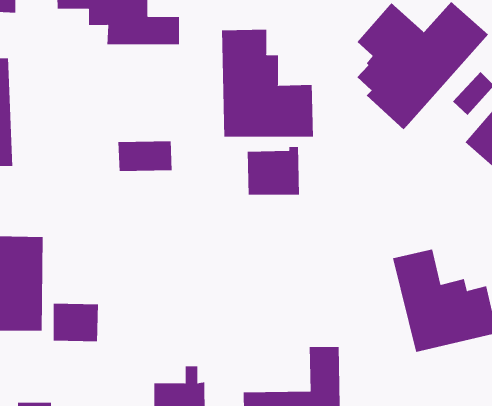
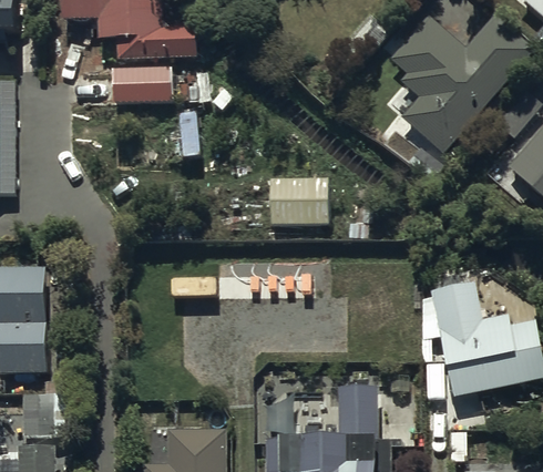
building: [221,29,314,138] -> none
building: [118,141,173,171] -> [114,69,174,102]
building: [53,303,99,342] -> [22,393,72,435]

